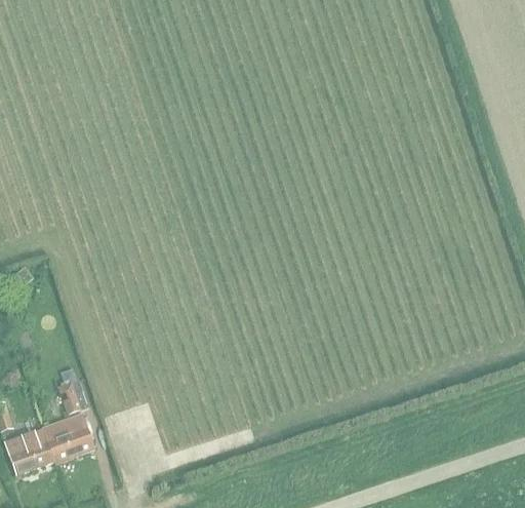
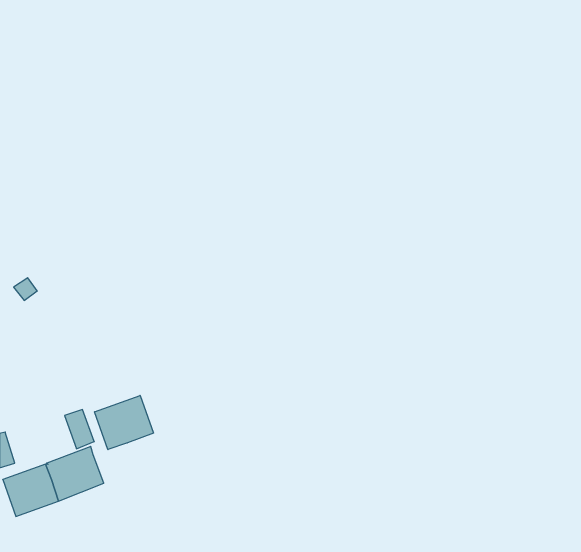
building: none -> [95,395,154,450]

